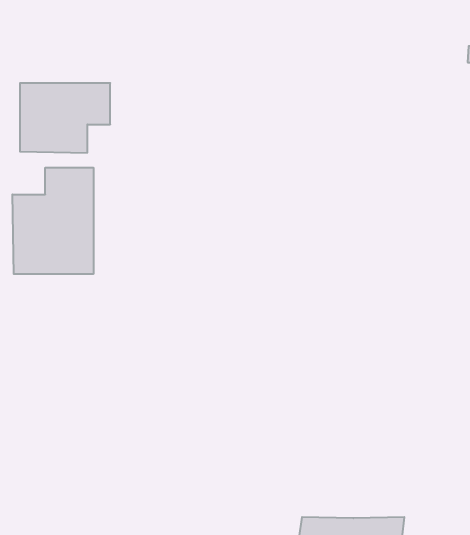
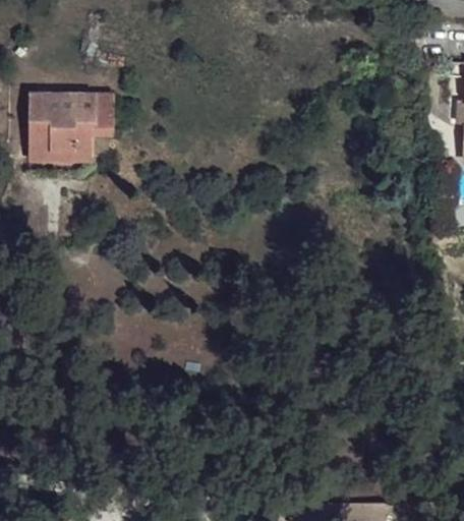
building: [12,168,93,274] -> none

